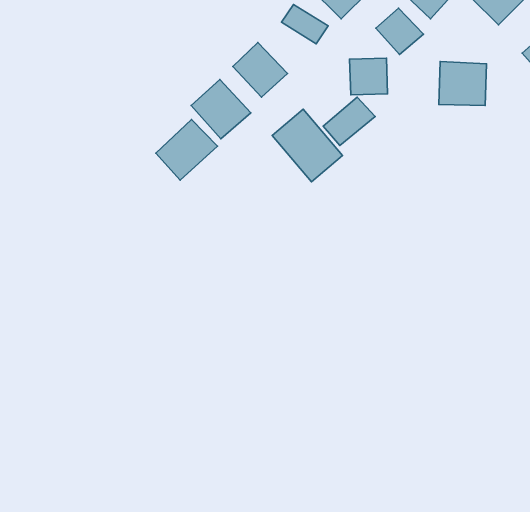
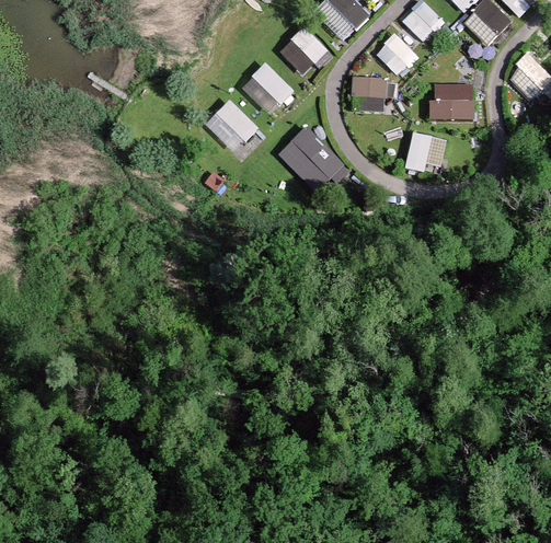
building: [323,97,375,146] -> none
building: none -> [406,131,445,169]
building: [156,120,218,180] -> none

